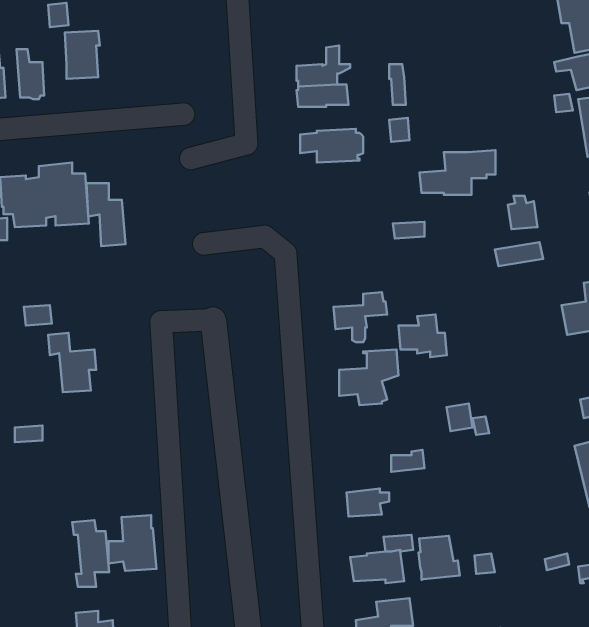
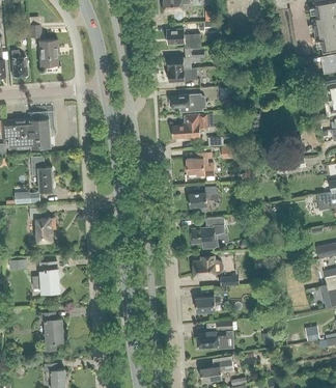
building: none -> [165,30,203,49]
building: [420,150,496,195] -> [171,114,214,139]
building: [86,183,125,246] -> [32,158,54,193]
building: [399,314,447,357] -> [187,153,214,176]
building: none -> [194,256,222,279]
building: [108,515,157,571] -> [33,262,60,294]
building: [418,536,460,580] -> none

